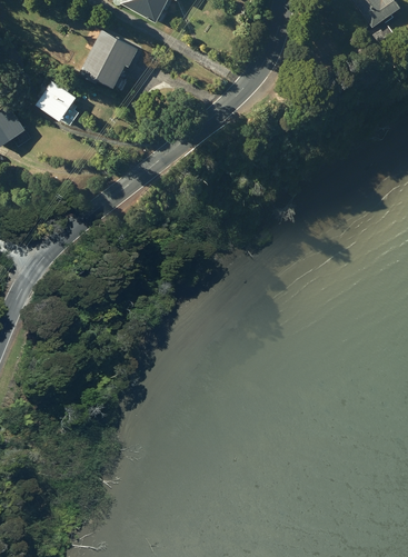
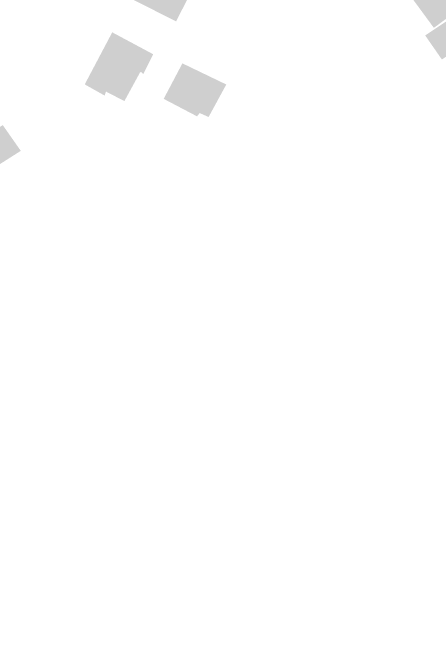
building: none -> [163,62,227,118]
building: [36,79,77,120] -> none

